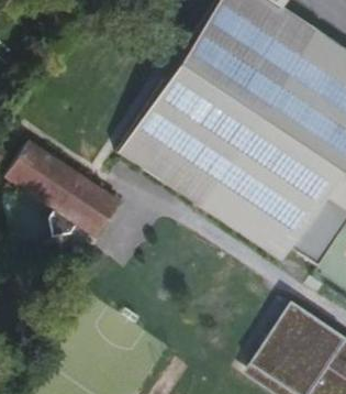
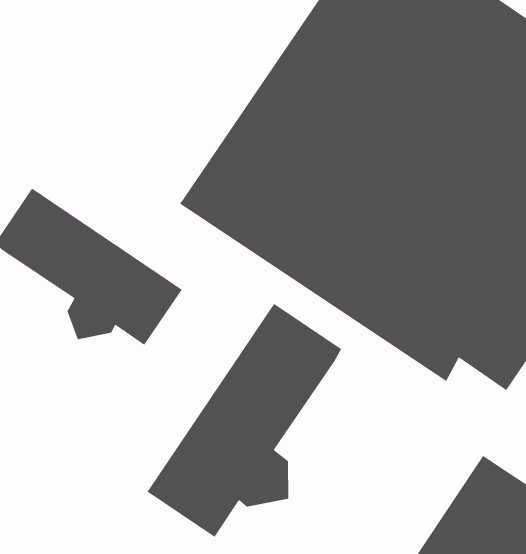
building: none -> [146,303,342,538]

